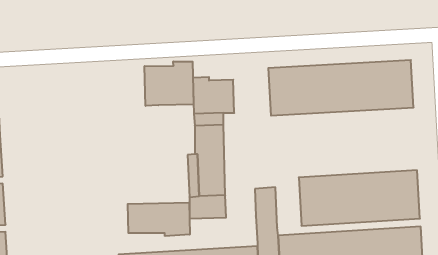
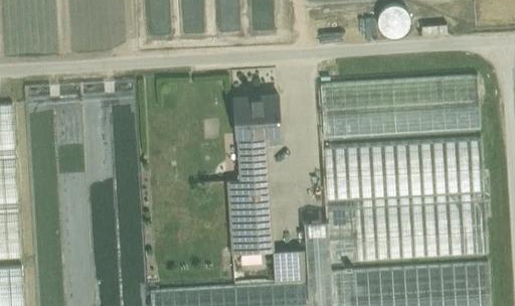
building: [145,61,194,106] -> none
building: none -> [321,137,483,200]
building: none -> [324,207,354,264]
building: [128,202,190,236] -> none
building: none -> [270,251,305,284]

